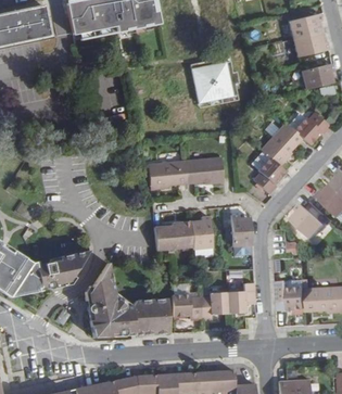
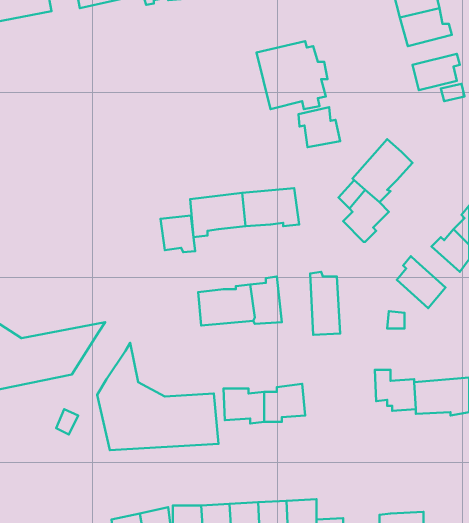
building: none -> [298,107,340,147]
building: [294,113,331,147] -> none
building: none -> [160,216,195,252]
building: [226,283,255,314] -> none

